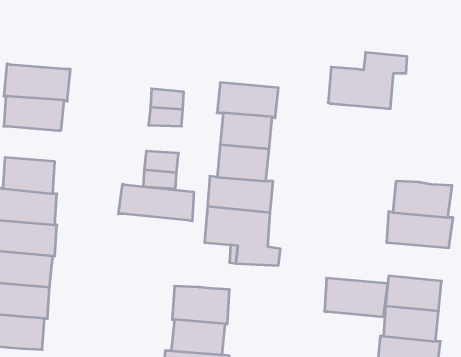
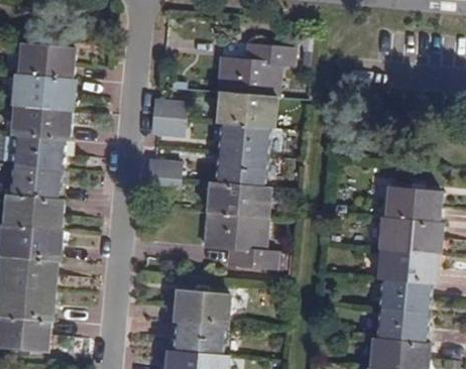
building: none -> [16,43,71,79]
building: [328,52,407,109] -> [217,42,294,97]
building: none -> [10,134,62,168]
building: [118,184,194,221] -> none
building: [324,278,388,317] -> [379,247,441,284]

